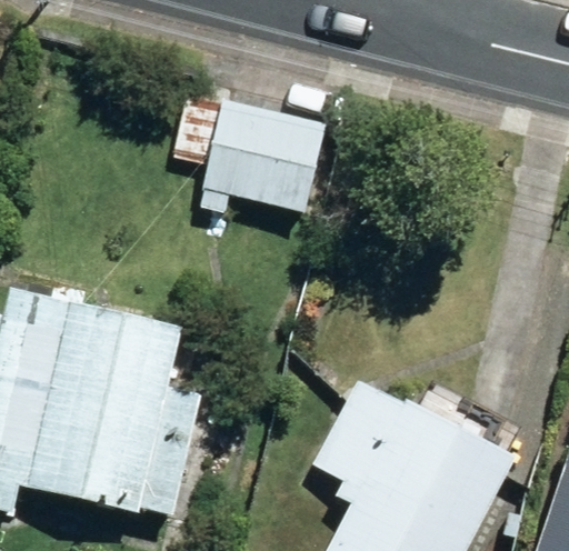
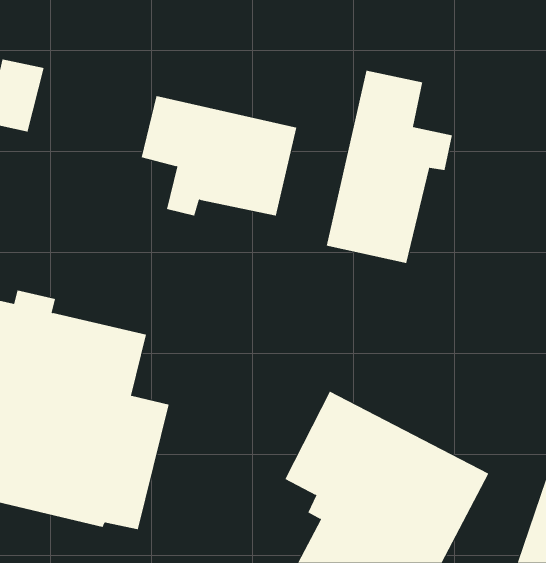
building: none -> [326,70,453,264]

